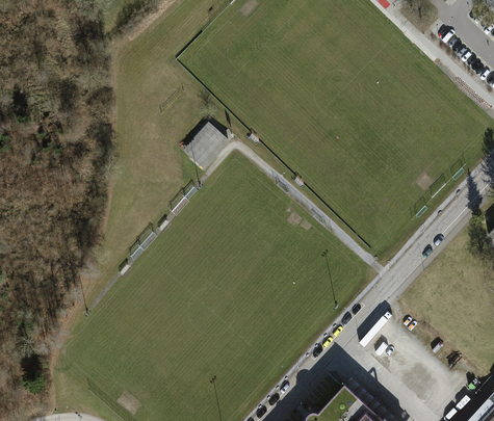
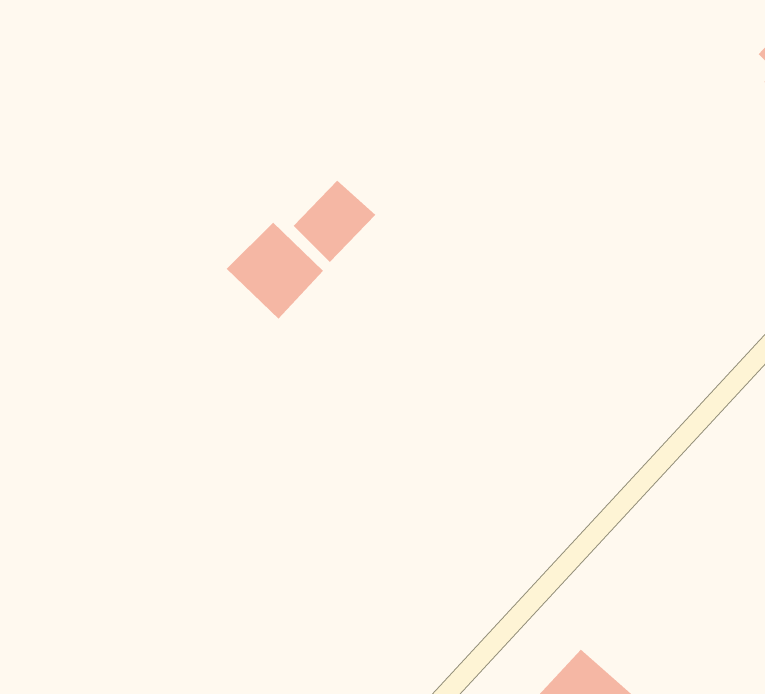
building: none -> [226,222,324,320]

